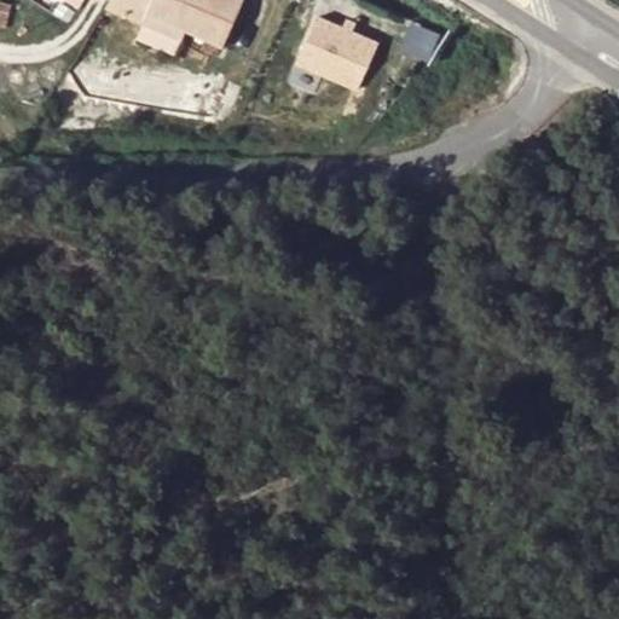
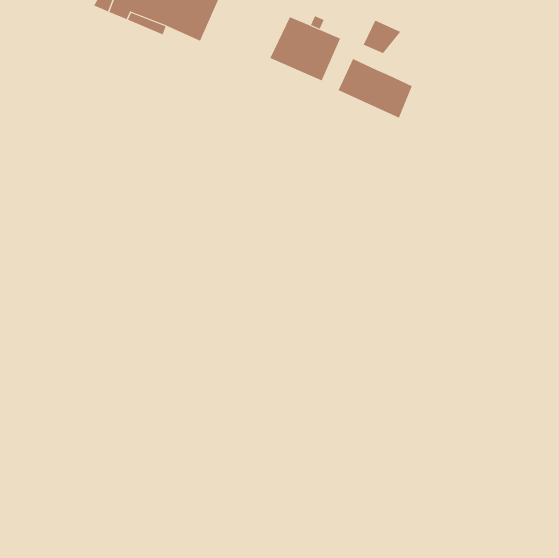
building: none -> [338,58,412,119]

